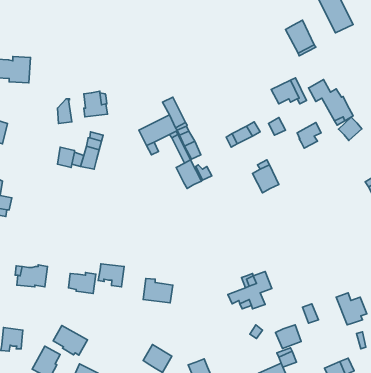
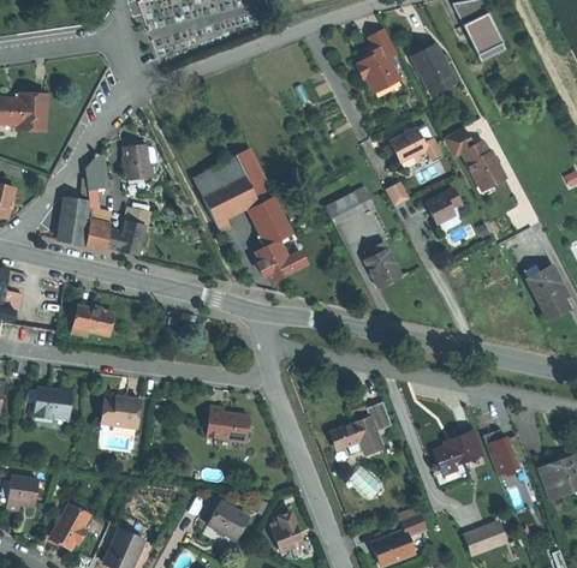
building: none -> [356,26,398,91]
building: none -> [192,157,245,198]
building: [339,117,362,141] -> none
building: none -> [59,198,89,245]
building: none -> [73,305,111,334]
building: [98,264,124,287] -> none
building: [276,325,301,348] -> [446,430,482,464]
building: [53,326,87,355] -> none

